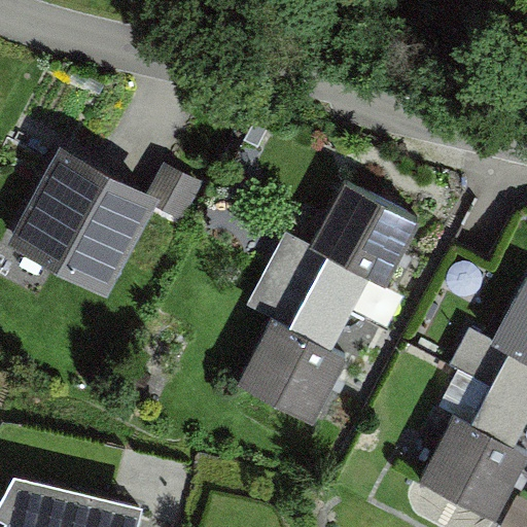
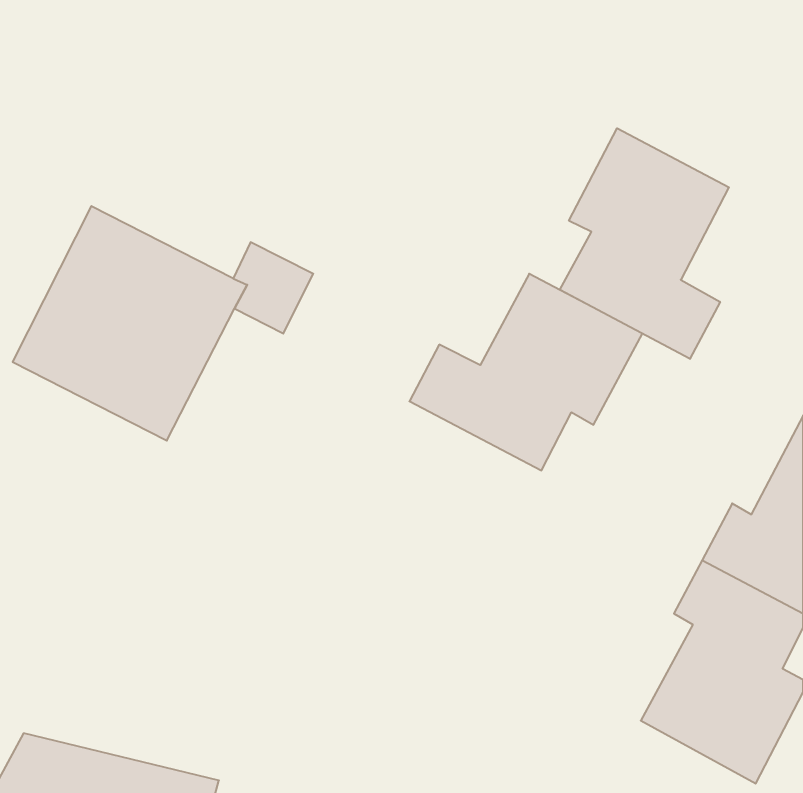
building: none -> [560,128,729,359]
building: [240,270,354,425] -> none

